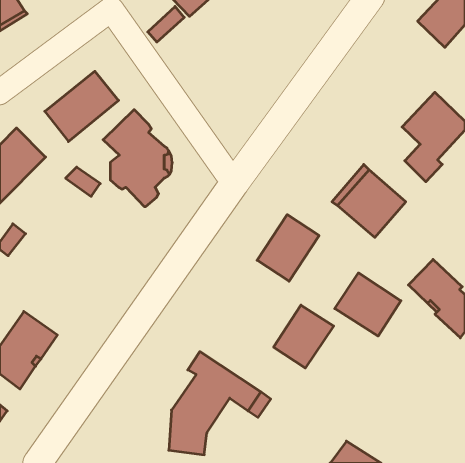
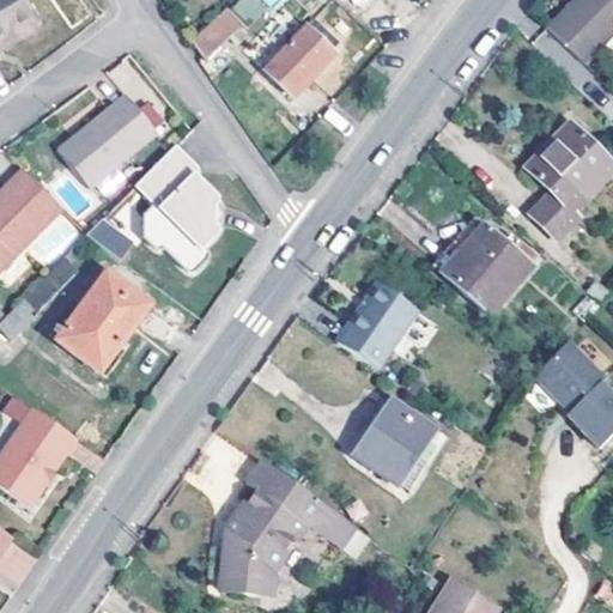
building: none -> [267,25,336,96]
building: none -> [53,272,147,375]
building: [335,273,401,336] -> none

